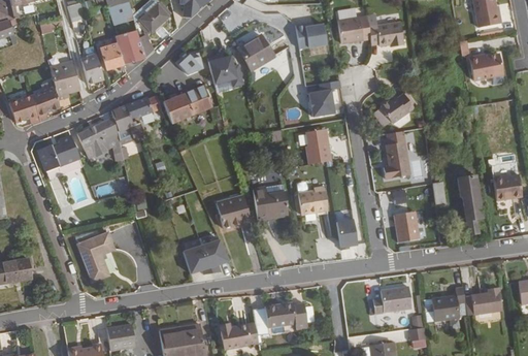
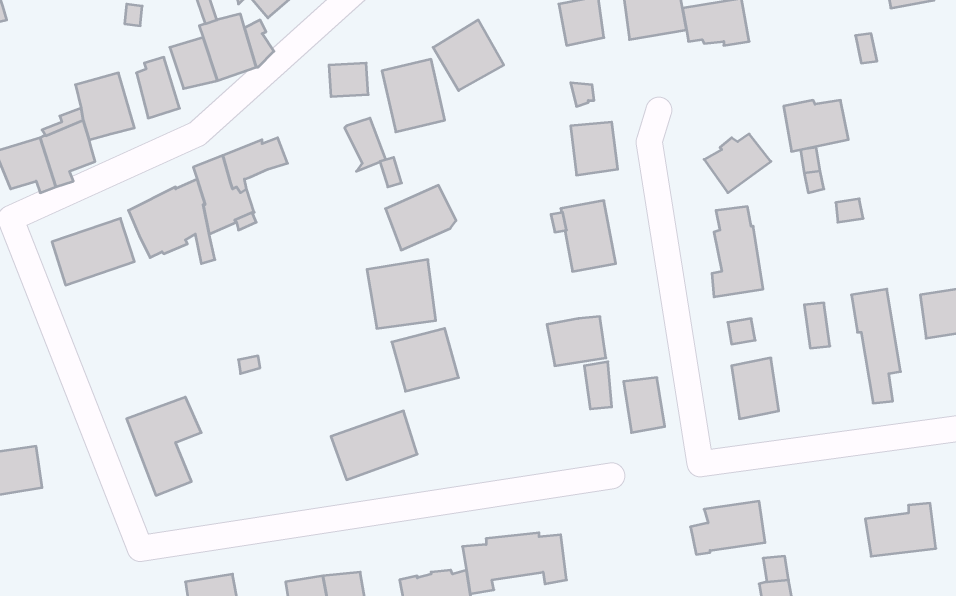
building: [469,54,503,80] -> [784,100,848,151]
building: [163,90,200,124] -> [385,185,456,250]
building: [253,184,289,220] -> [367,260,436,328]
building: [424,286,467,322] -> none

